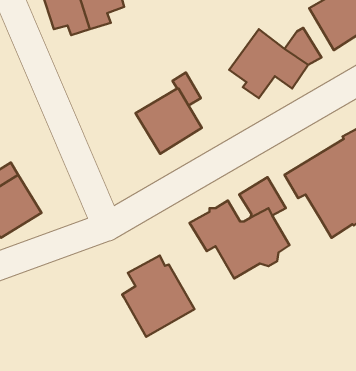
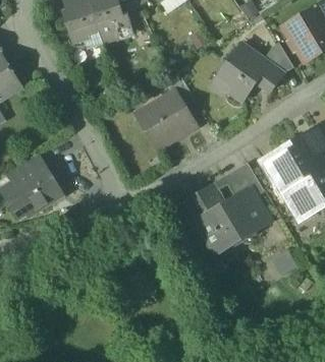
building: [122,255,195,337] -> none

